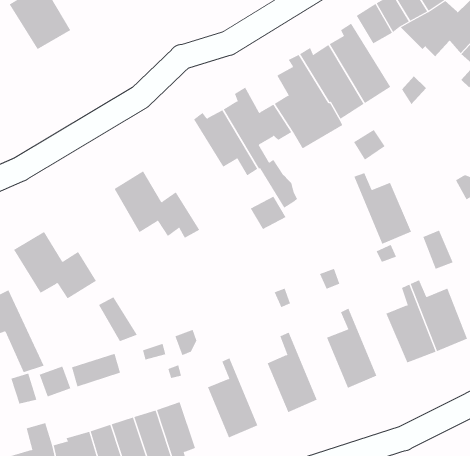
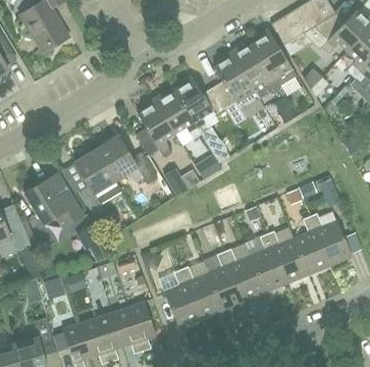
building: none -> [135,98,174,156]
building: [354,172,412,245] -> [265,230,307,282]
building: none -> [73,148,121,216]
building: none -> [163,167,199,195]
building: none -> [222,248,264,300]
building: none -> [179,266,221,318]

